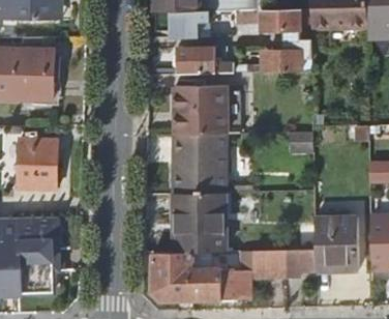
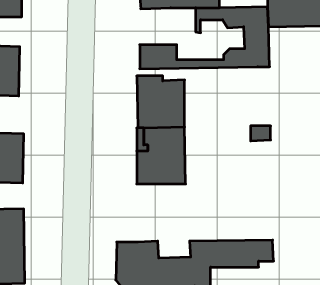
building: [155,8,210,37] -> none
building: [174,191,226,251] -> none
building: [315,216,357,270] -> none

